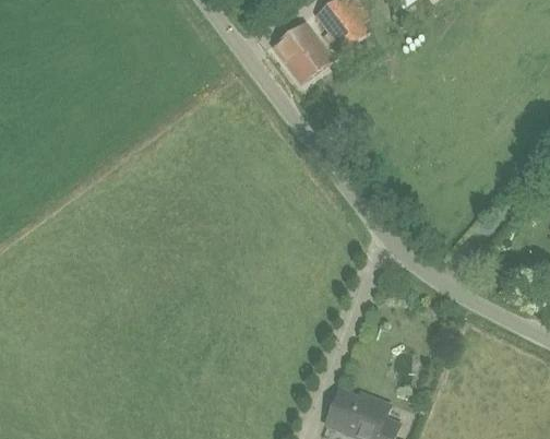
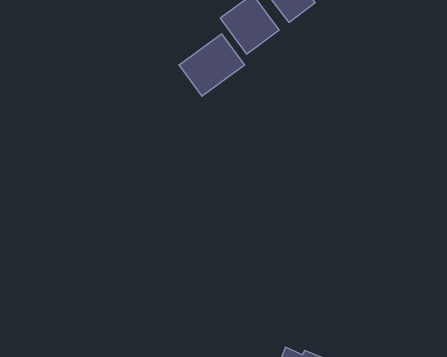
building: none -> [179,34,245,96]

